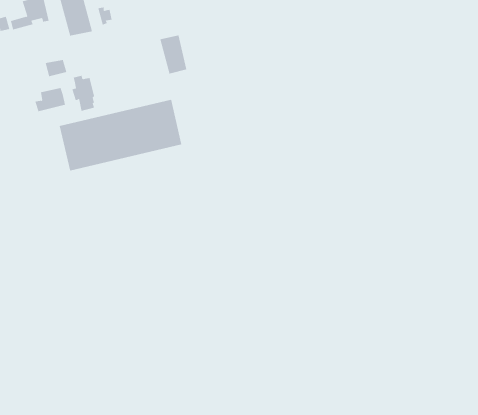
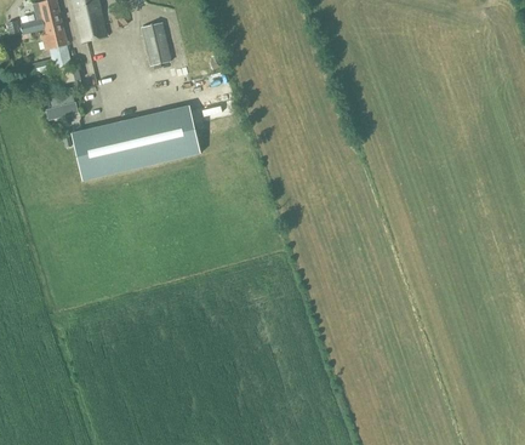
building: [159,35,187,74] -> [141,23,170,64]
building: [72,75,95,111] -> [42,22,67,59]

